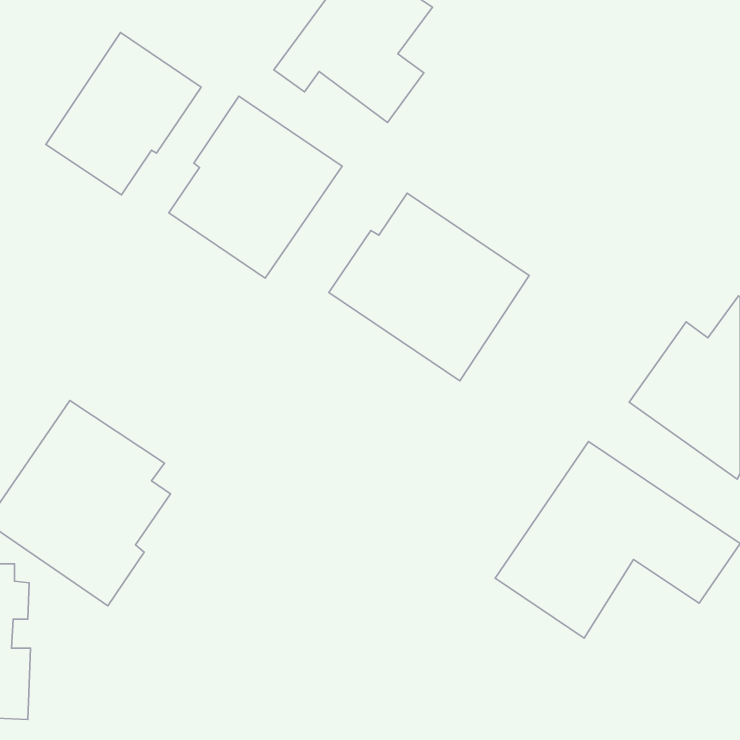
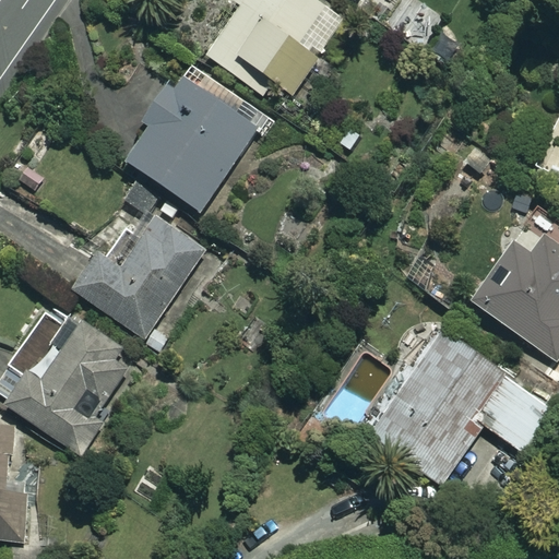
building: [46,33,201,195] -> none
building: [329,193,529,381] -> none
building: none -> [75,216,206,349]

